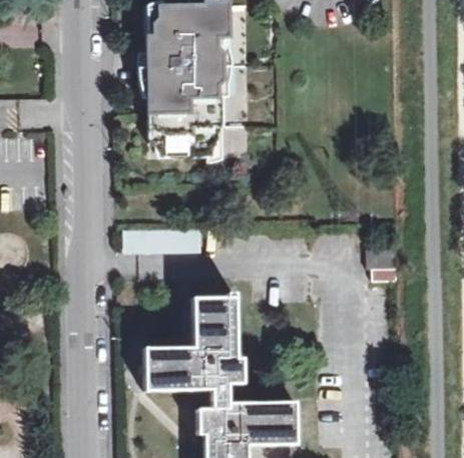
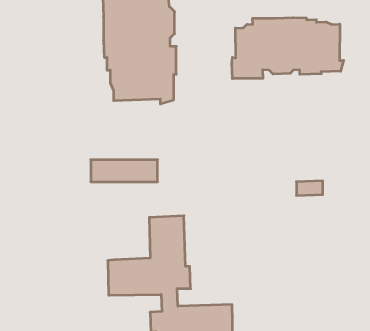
building: none -> [232,18,344,79]

